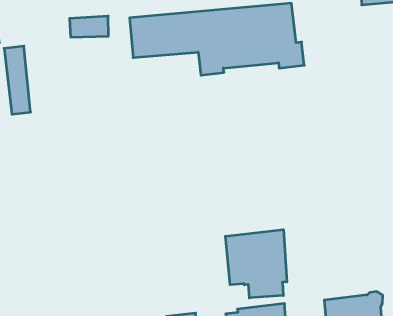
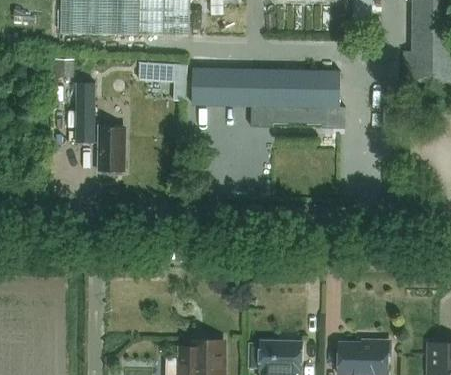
building: none -> [99,125,124,171]
building: [225,230,287,298] -> none

